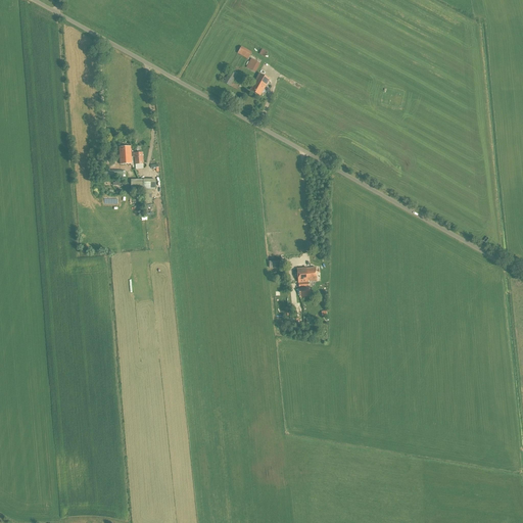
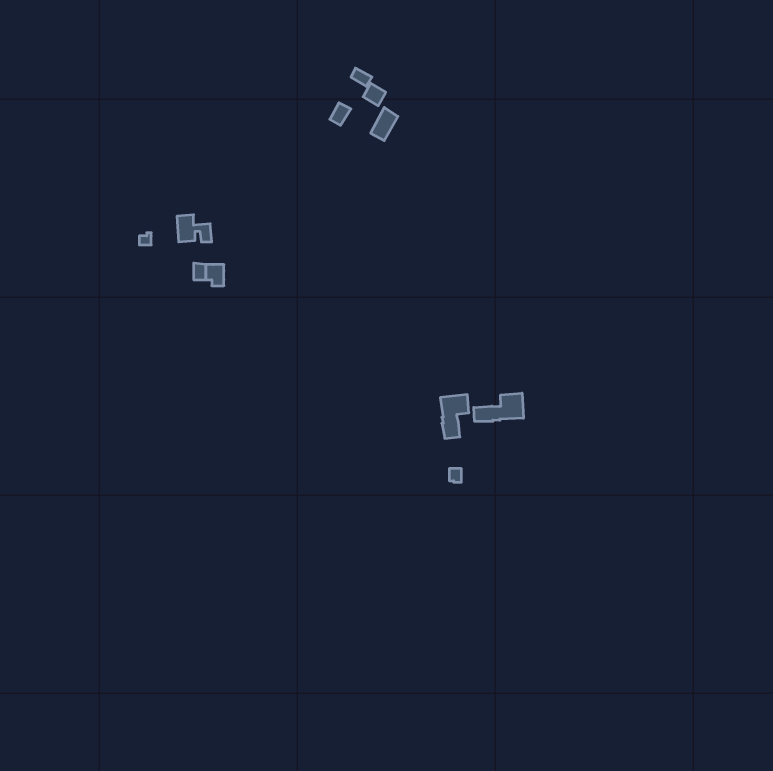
building: none -> [474,393,523,421]

